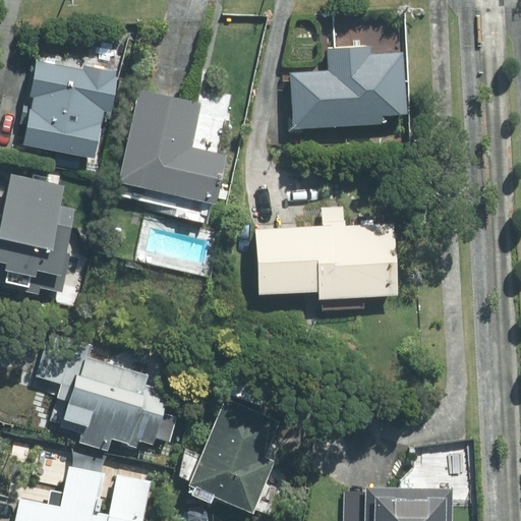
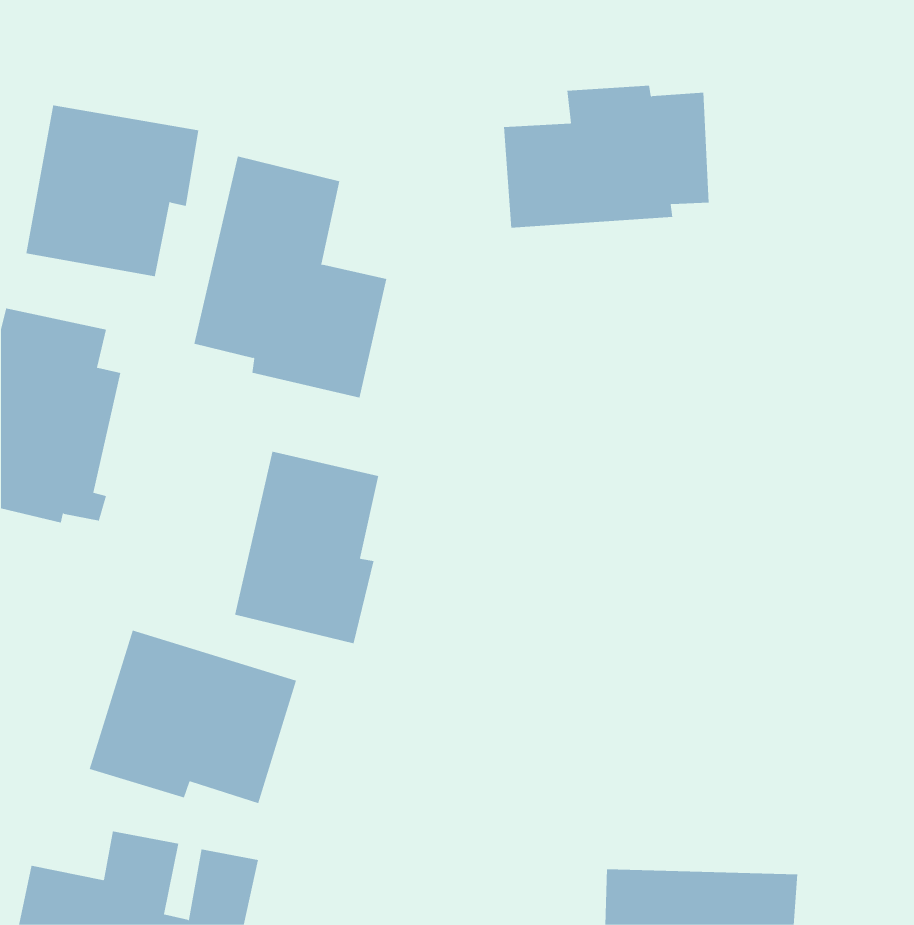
building: [256,205,400,309] -> none
building: none -> [235,451,379,644]
building: [187,394,284,514] -> none

